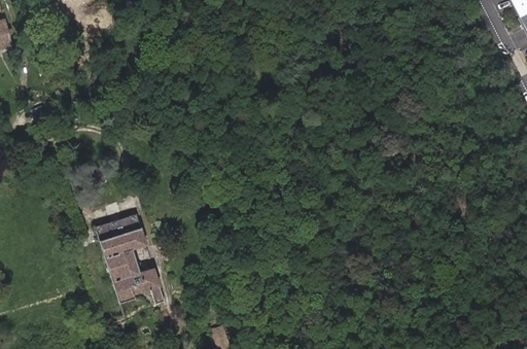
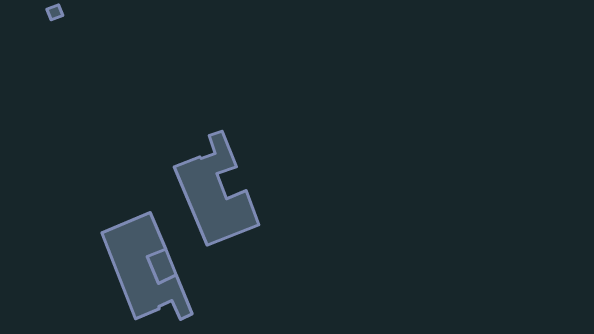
building: none -> [174,131,259,245]

